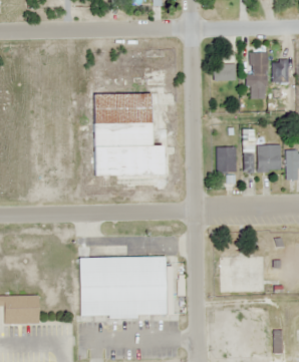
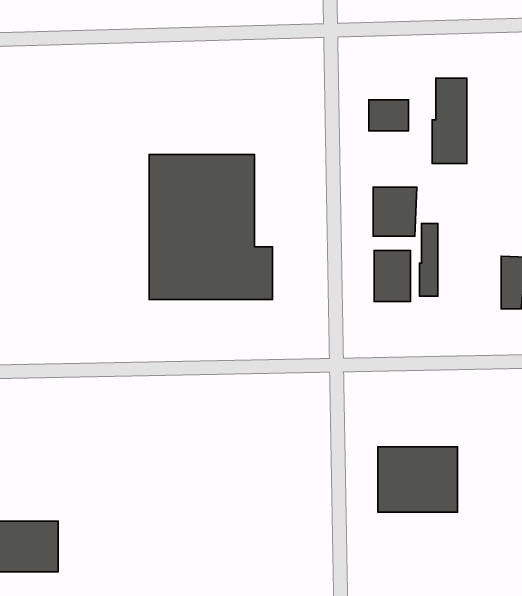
building: [273,60,290,83] -> none
building: [258,145,282,172] -> [373,187,417,236]
building: [79,257,170,317] -> none

